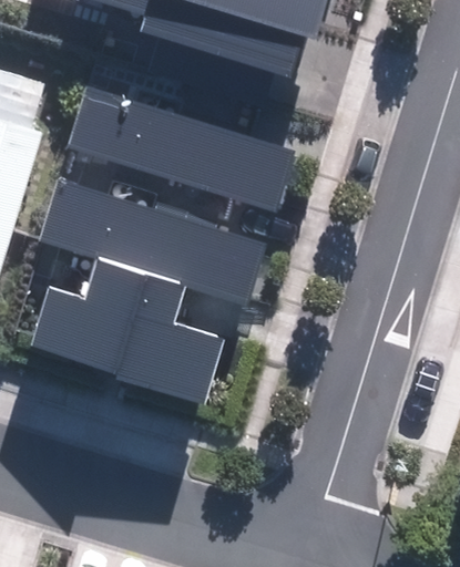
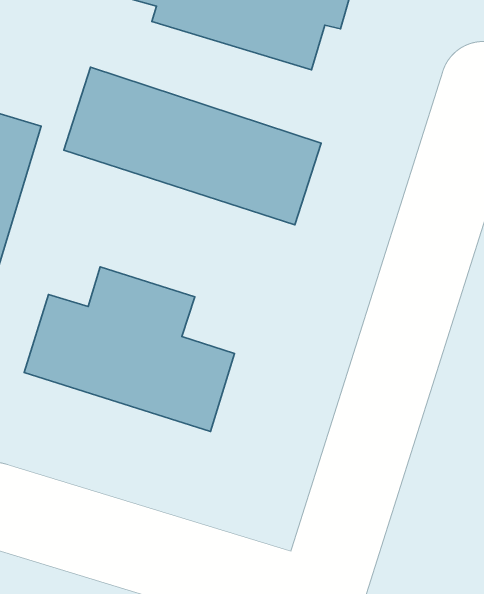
building: [40,172,269,302] -> none

